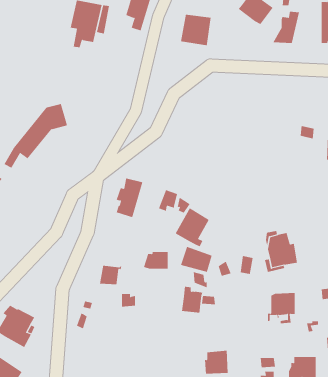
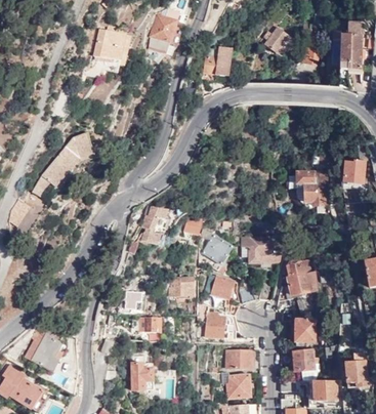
building: none -> [297,170,329,205]
building: none -> [240,234,281,263]
building: none -> [226,349,252,368]
building: none -> [294,350,319,381]
building: none -> [131,362,154,388]

